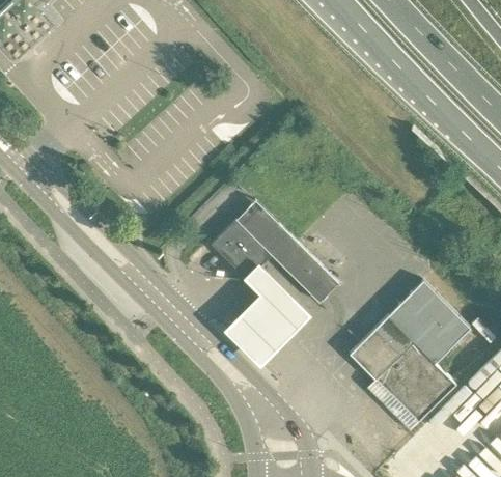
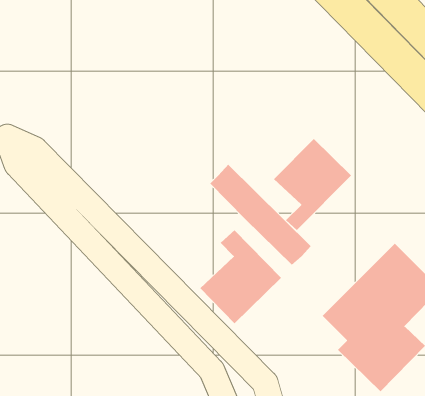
building: none -> [273,138,352,231]
building: [212,221,272,281] -> none

